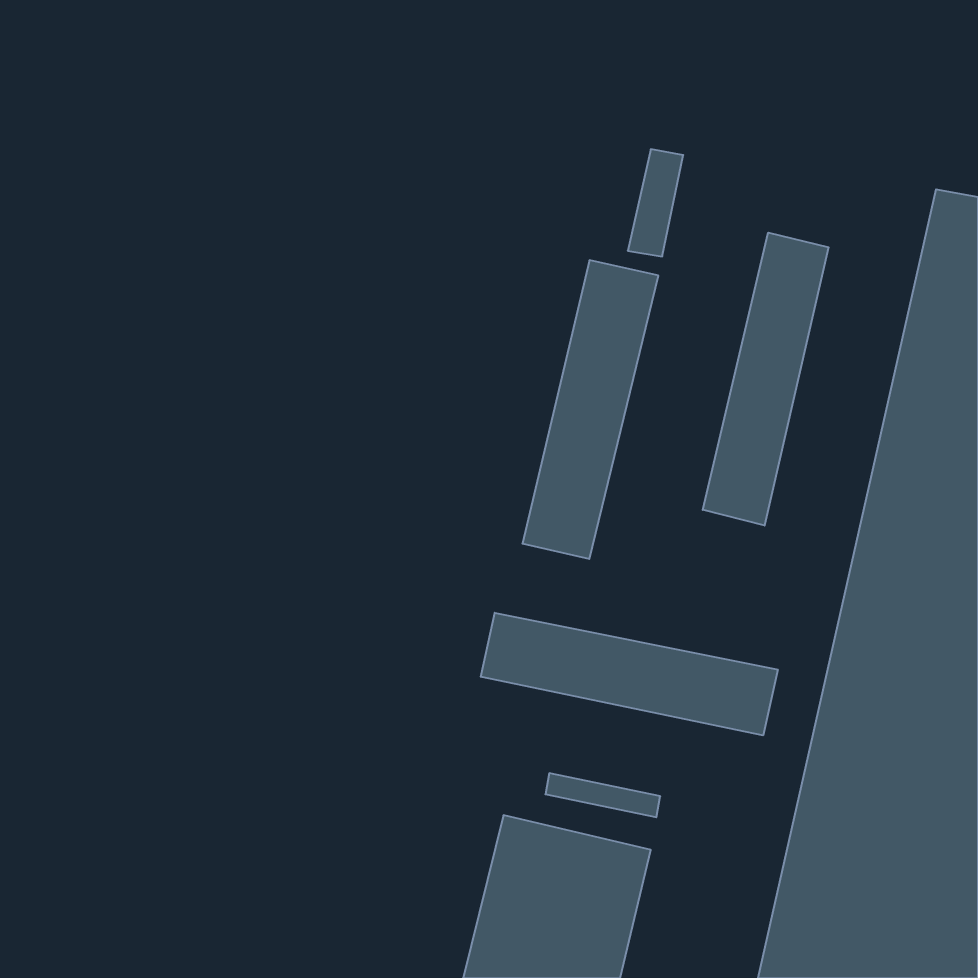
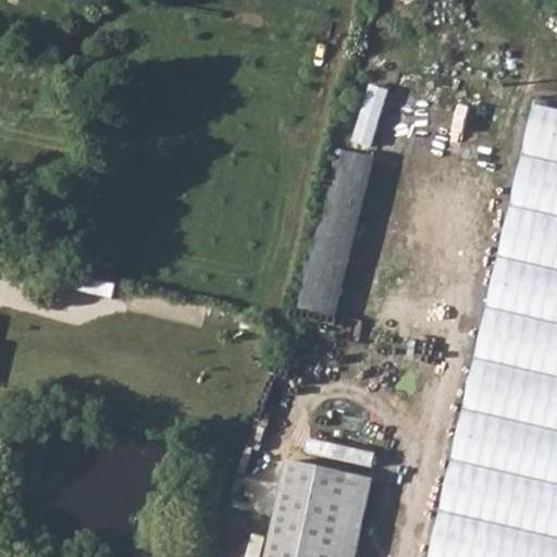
building: [703,233,829,526] -> none
building: [481,613,778,735] -> none

